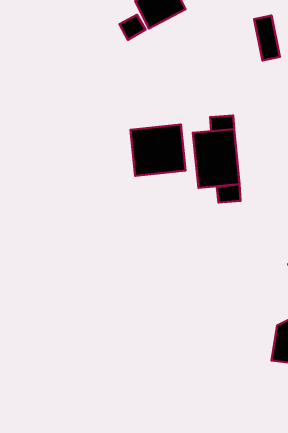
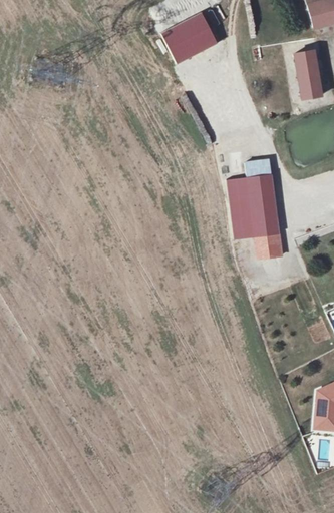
building: [119,15,146,40] -> none
building: [131,124,185,176] -> none

